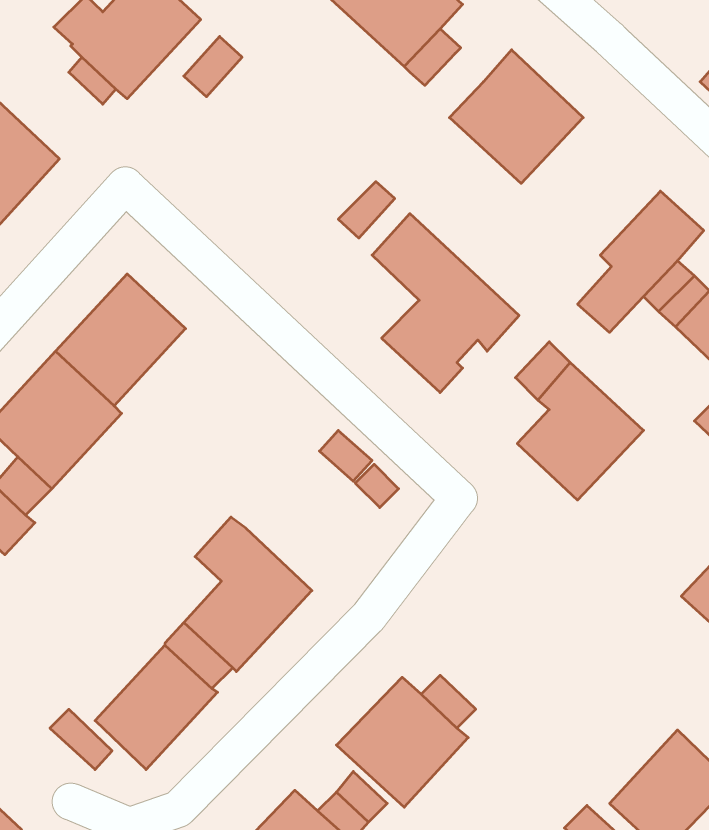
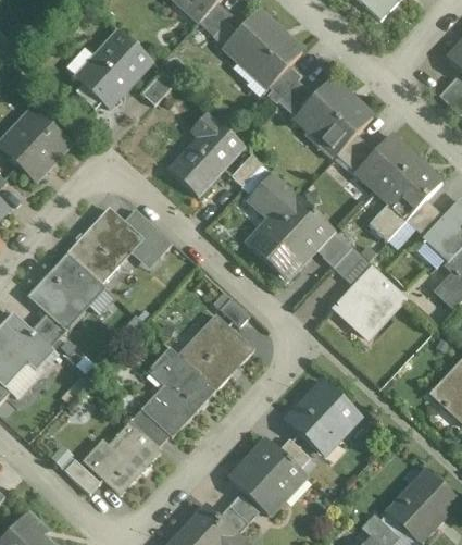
building: none -> [266,79,314,116]
building: none -> [168,111,244,196]
building: none -> [355,134,416,196]
building: none -> [124,208,172,256]
building: none -> [316,231,352,267]
building: none -> [177,313,253,389]
building: none -> [278,371,370,461]

